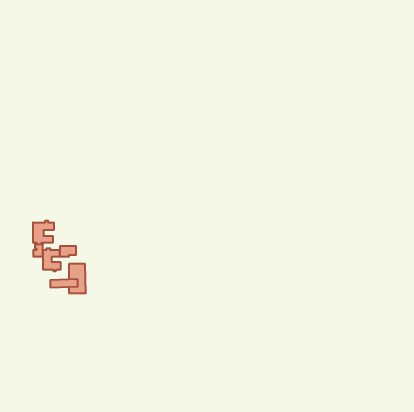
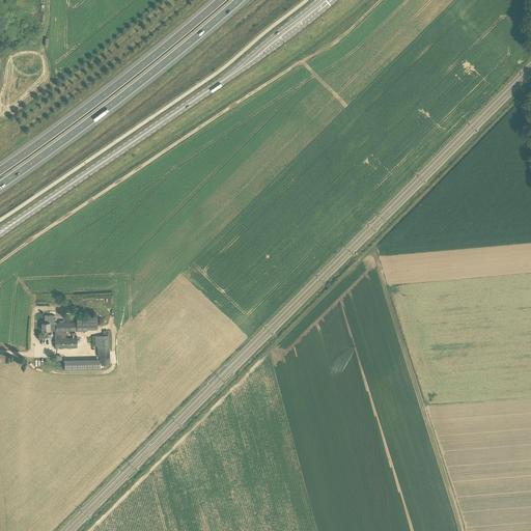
building: [33,221,54,244] -> none

